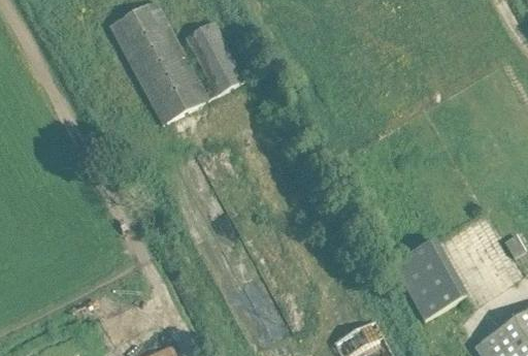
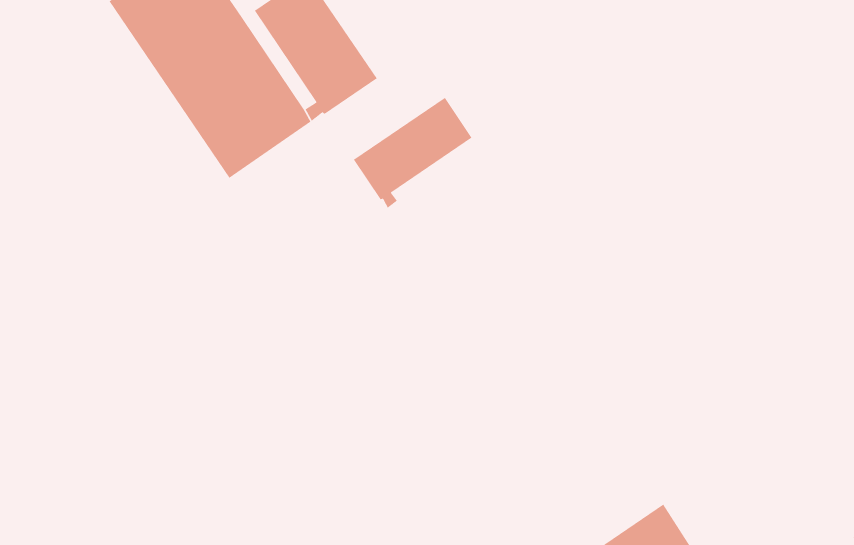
building: none -> [353,97,472,209]
building: [391,237,468,320] -> none

